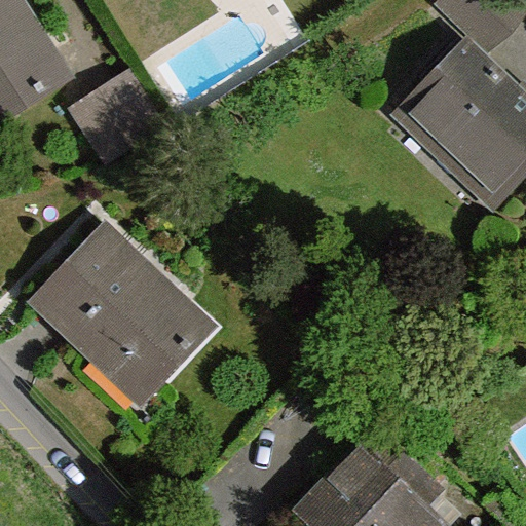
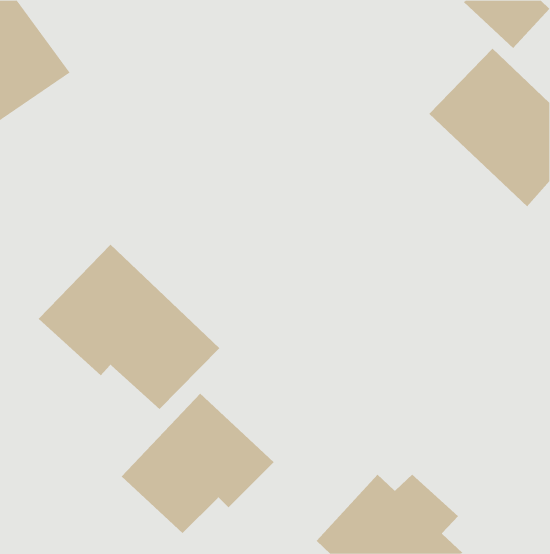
building: [74,74,163,162] -> none
building: none -> [121,393,274,534]

